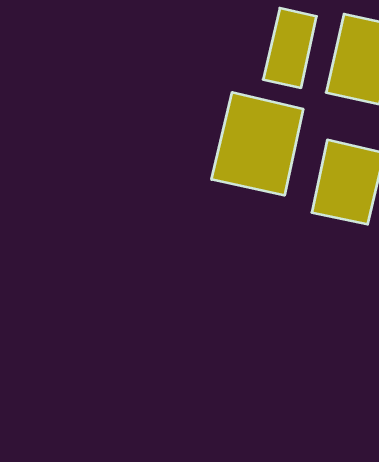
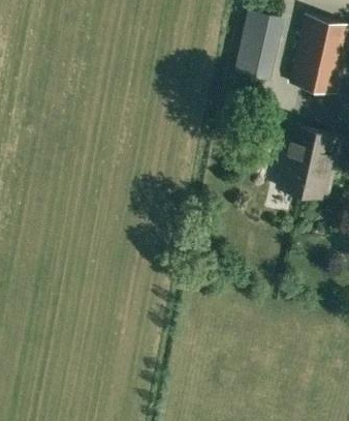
building: [212,92,303,195] -> none

